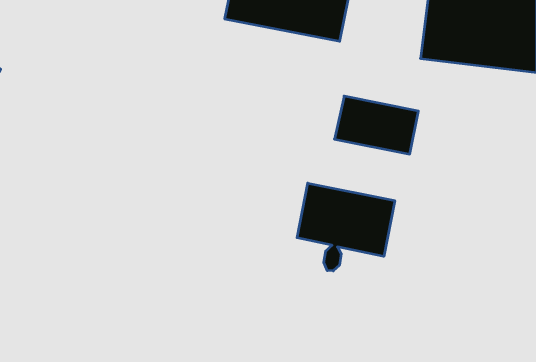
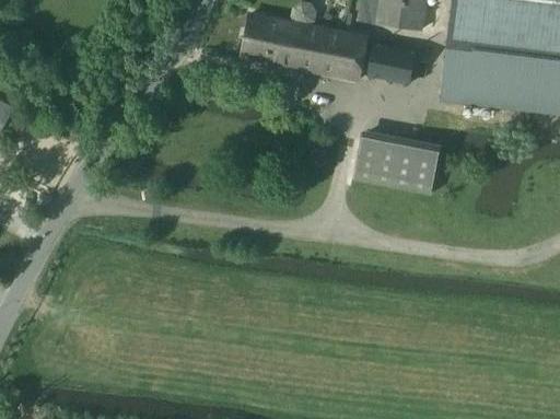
building: none -> [368,44,416,83]
building: [297,183,395,271] -> none

